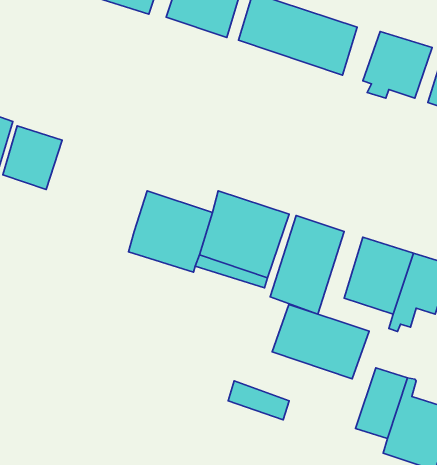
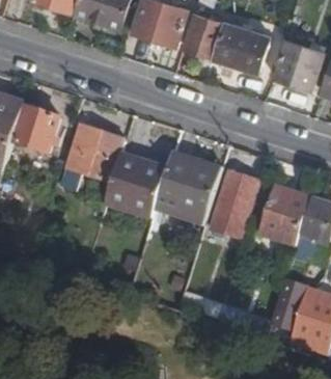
building: none -> [60,126,123,194]
building: [272,304,369,379] -> none

